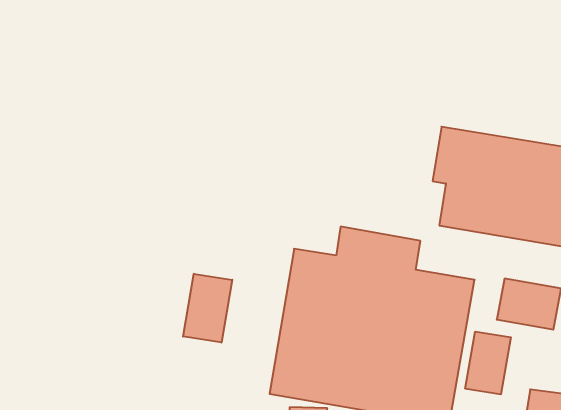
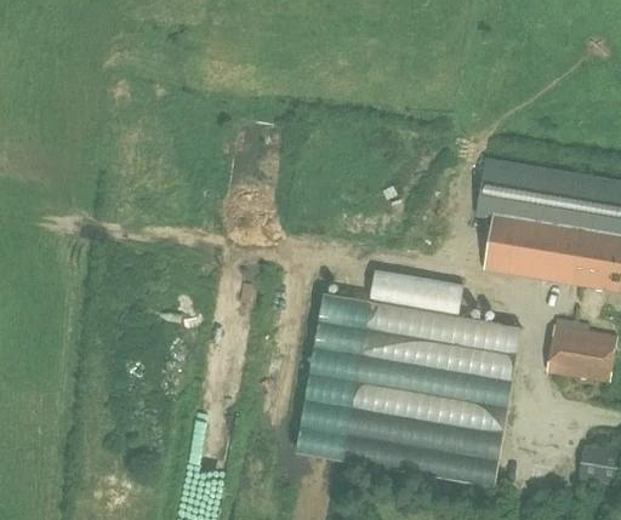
building: [183,274,232,343] -> none
building: [465,332,511,394] -> none

